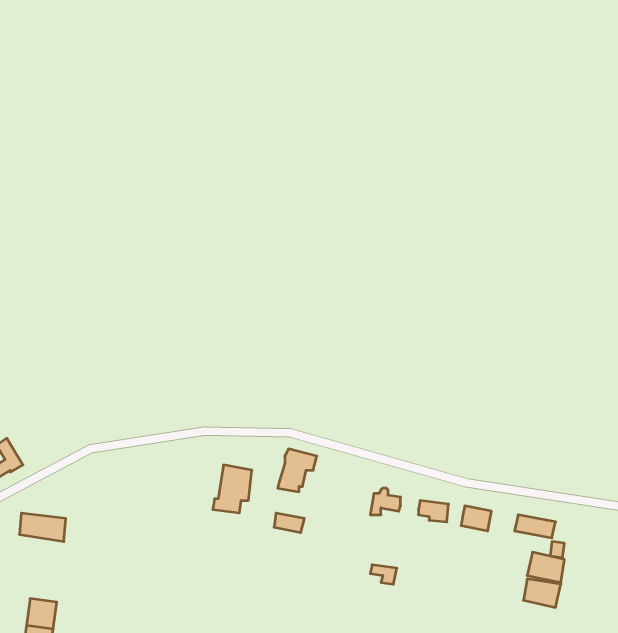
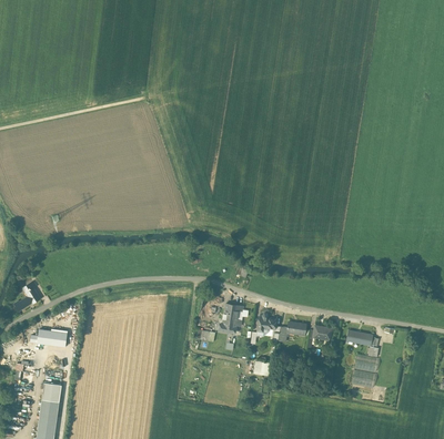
building: [213,465,252,513] -> [219,303,243,333]

